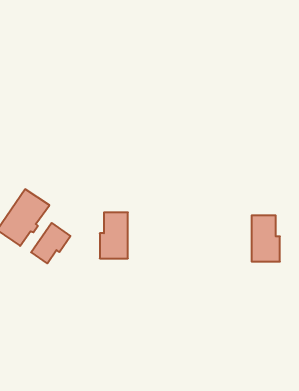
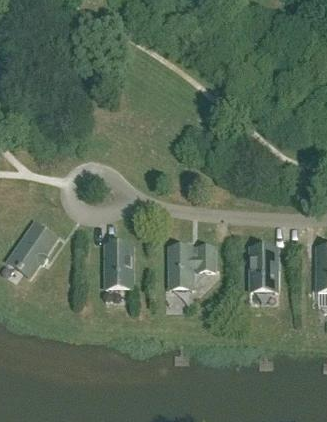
building: none -> [169,245,214,288]
building: [31,223,70,263] -> none

